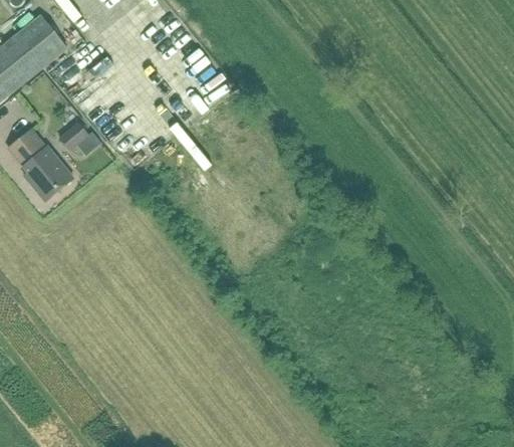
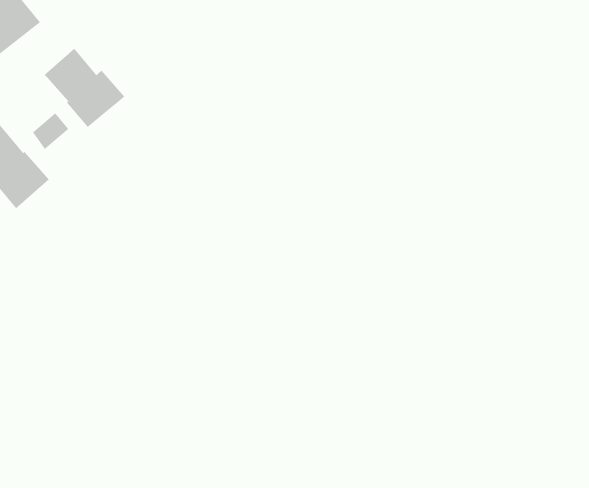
building: none -> [44,48,125,128]

